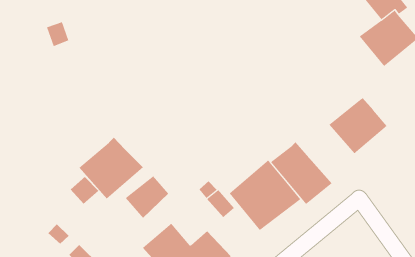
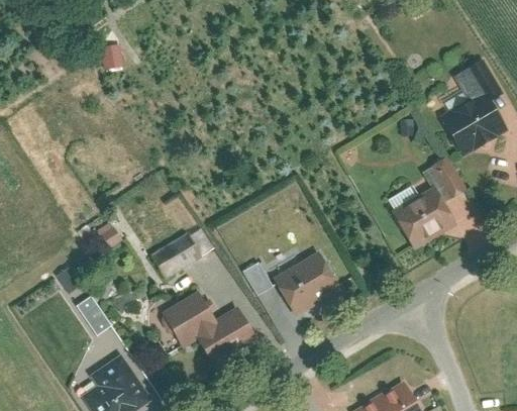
building: none -> [422,158,467,202]
building: [79,137,144,200] -> none
building: [270,141,333,205] -> none

